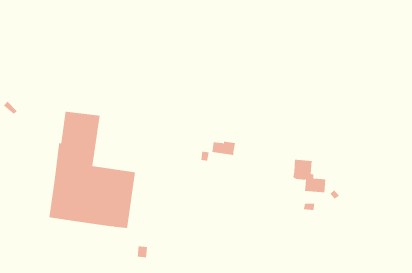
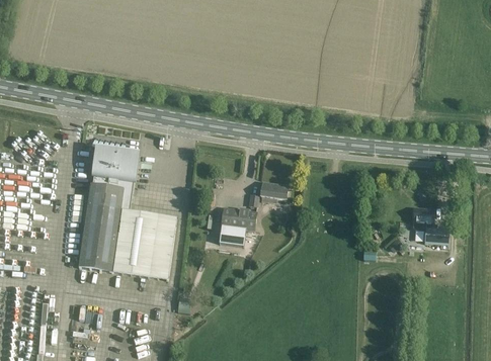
building: [292,159,326,193] -> [412,205,449,243]
building: none -> [219,205,256,244]

